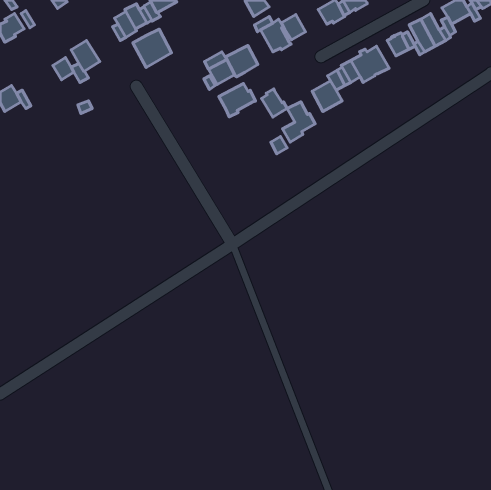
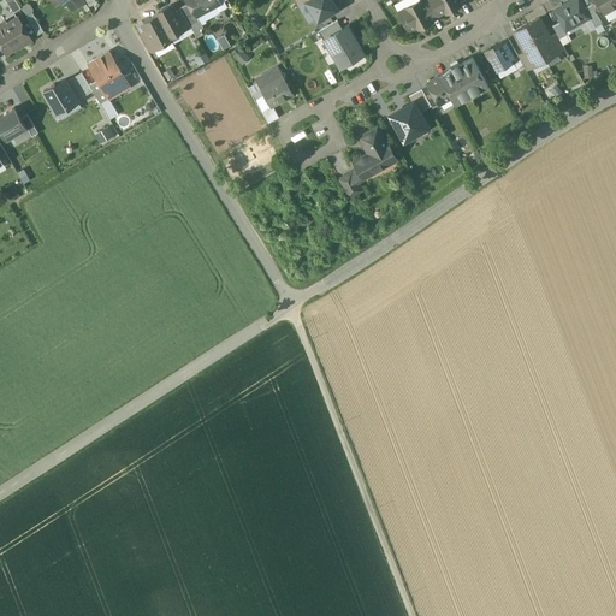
building: [281,15,306,40] -> none
building: [133,29,171,68] -> none
building: [225,46,258,77] -> none
building: none -> [43,81,82,120]
building: [219,83,256,117] -> none
building: [262,89,287,117] -> none

